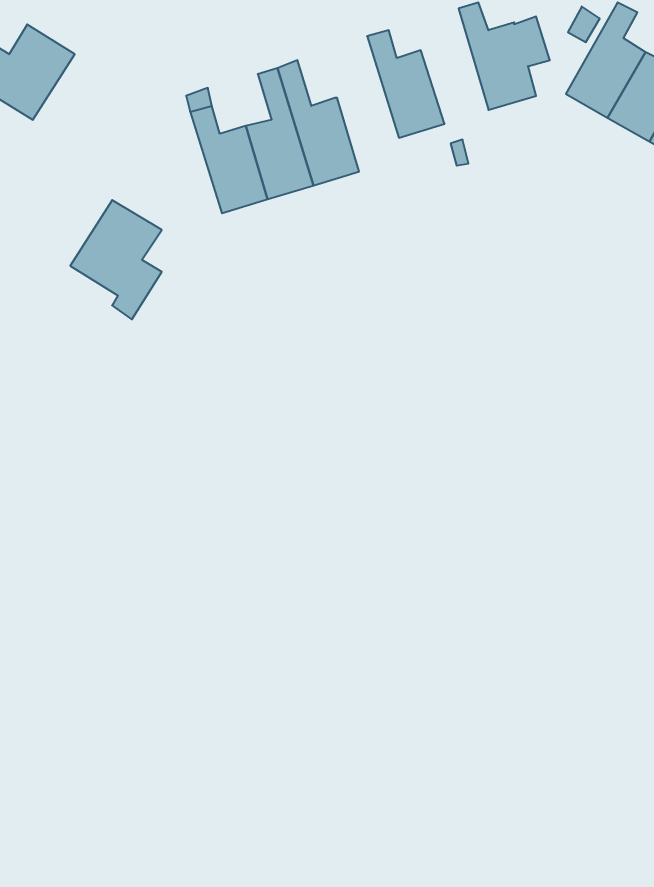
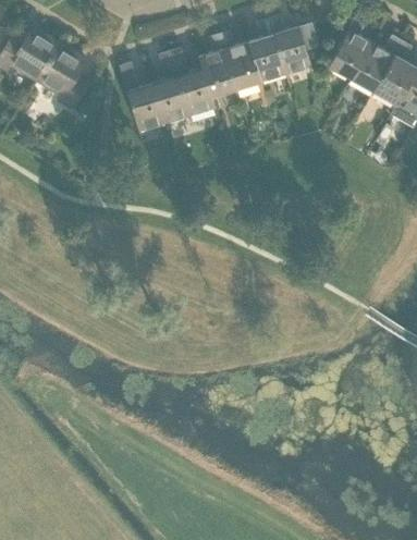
building: none -> [247,20,284,83]
building: none -> [197,35,235,98]
building: [70,200,162,319] -> [35,45,85,110]

